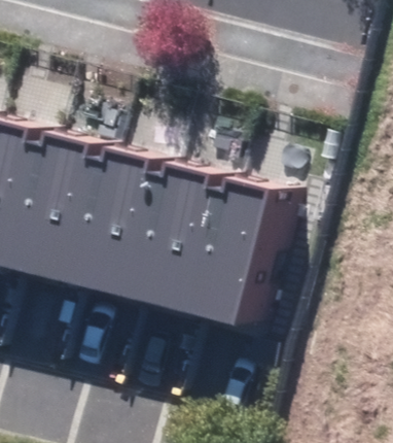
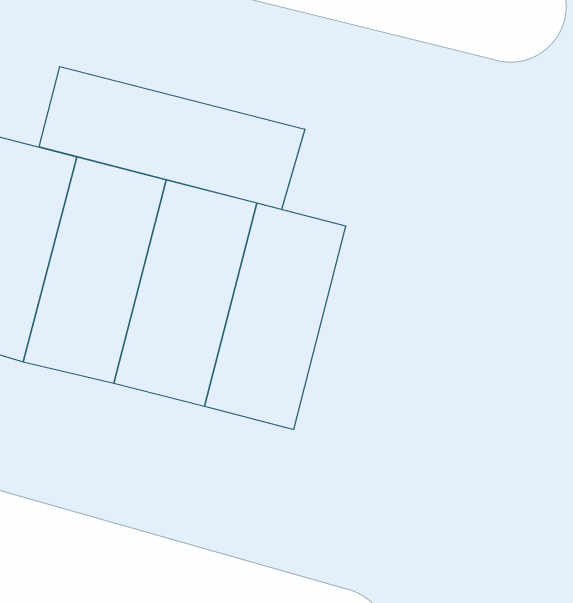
building: none -> [39,67,305,210]
building: [200,179,295,331] -> none

